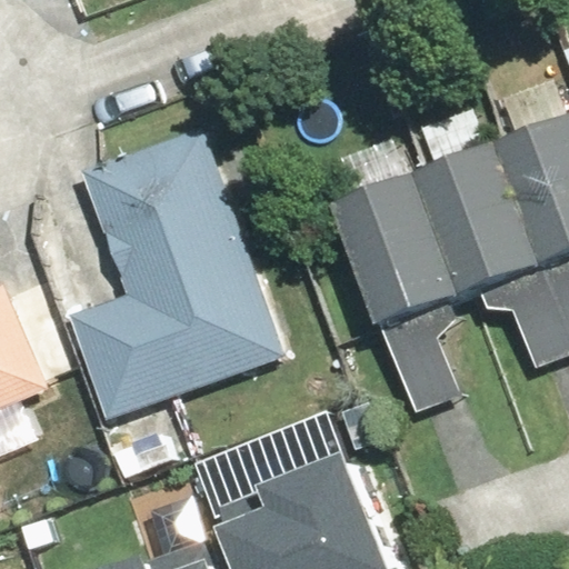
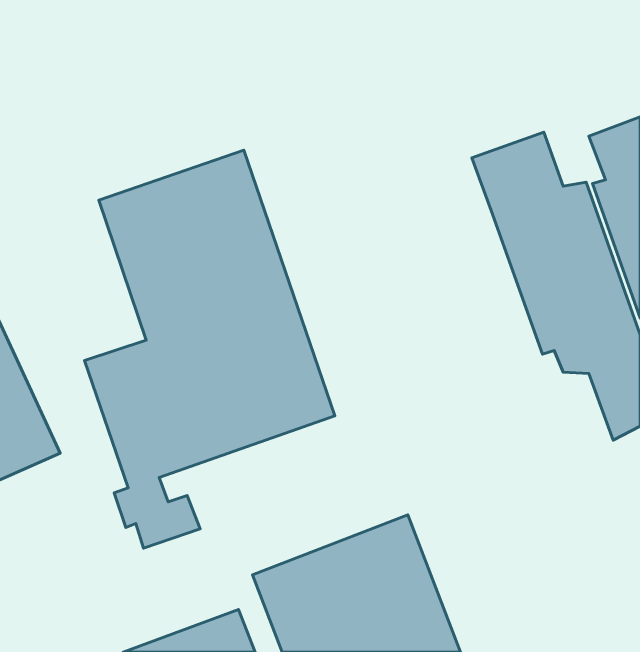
building: [319,147,461,423] -> none

